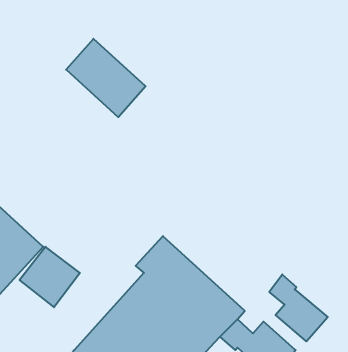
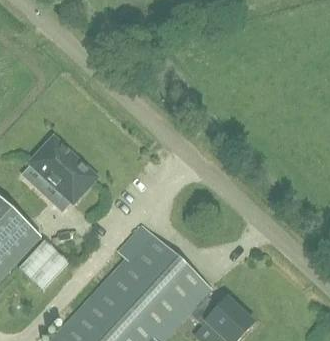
building: [66,39,146,117] -> [27,140,94,206]
building: [269,274,328,341] -> none

